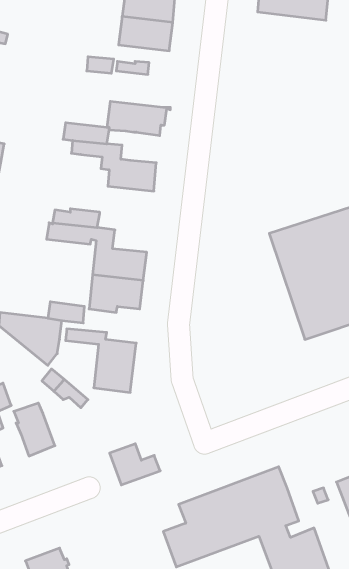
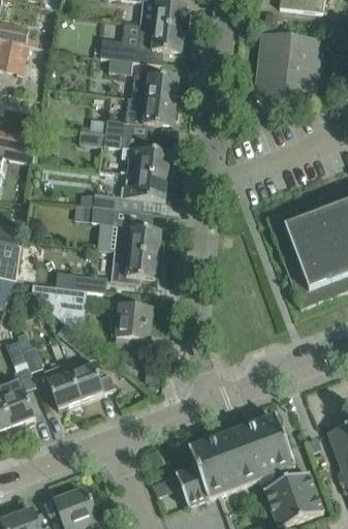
building: none -> [255,32,319,100]
building: none -> [99,36,133,59]
building: none -> [129,71,178,101]
building: none -> [120,170,167,199]
building: [110,444,160,485] -> [70,362,115,398]

